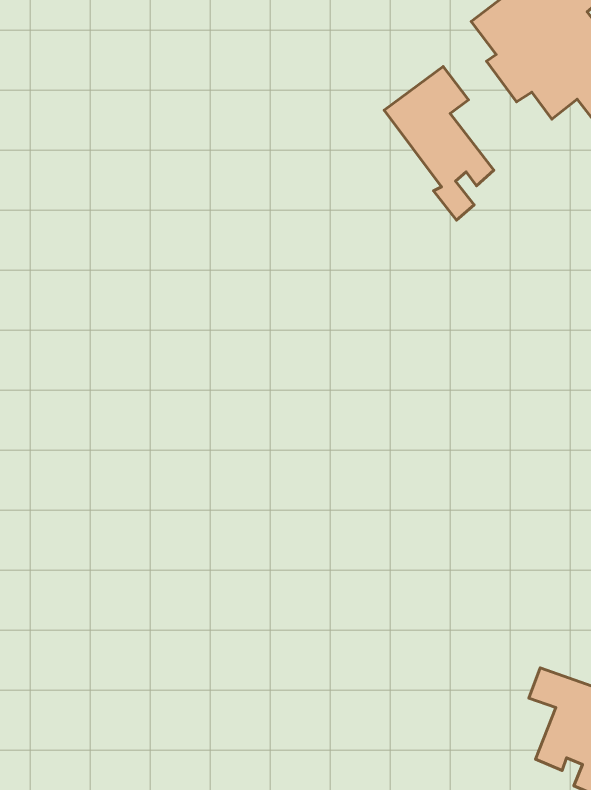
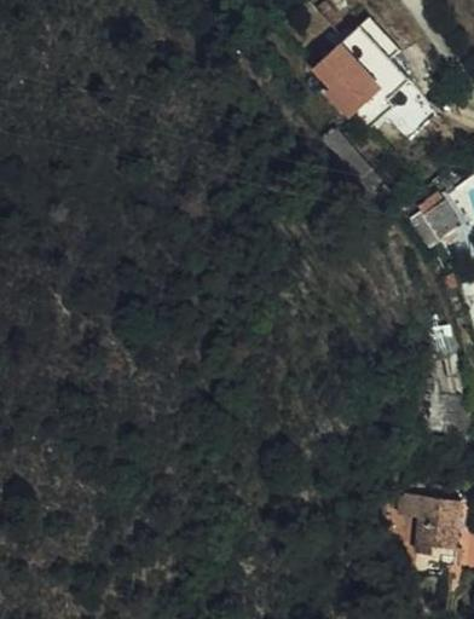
building: [384,67,494,220] -> none

